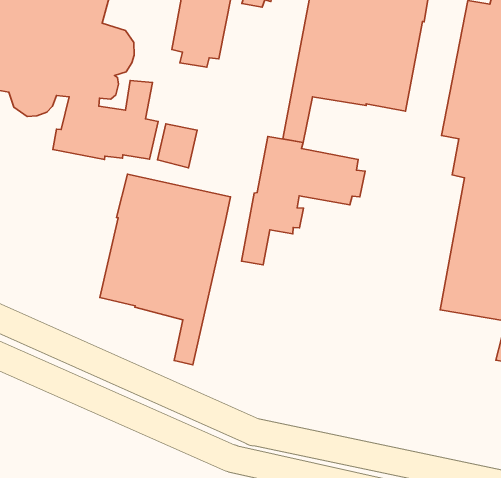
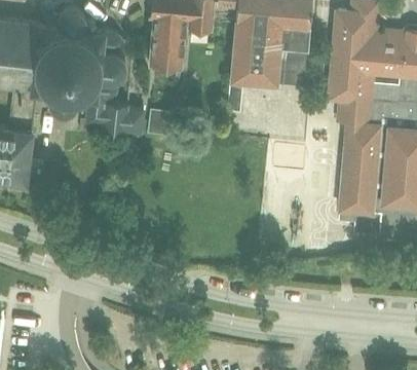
building: [241,136,365,265] -> none
building: [100,174,230,365] -> none

